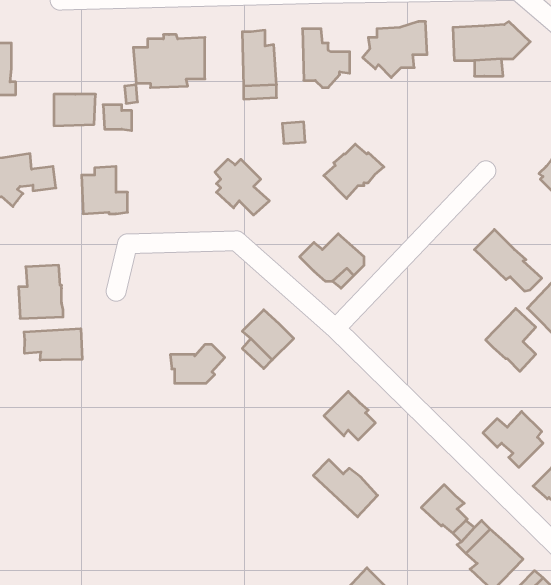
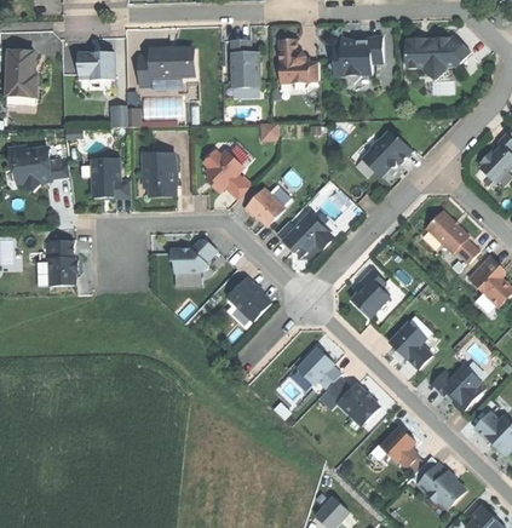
building: [54,94,96,126] -> [79,56,114,82]
building: [324,144,384,199] -> [362,130,413,176]
building: none -> [143,153,176,195]
building: none -> [245,188,284,225]
building: none -> [351,269,390,316]
building: [486,308,536,371] -> [389,315,431,368]
building: [24,329,82,360] -> none
building: [170,345,225,383] -> [171,239,217,271]
building: [313,460,378,517] -> [326,375,380,424]

